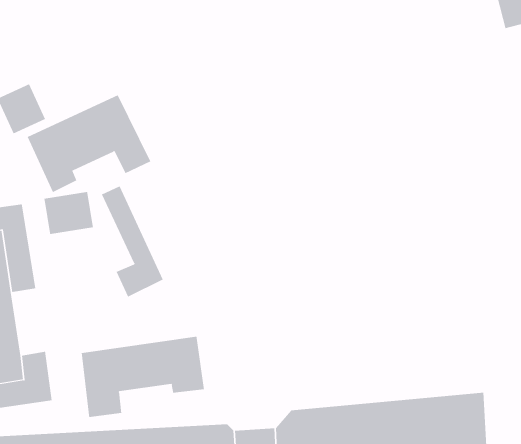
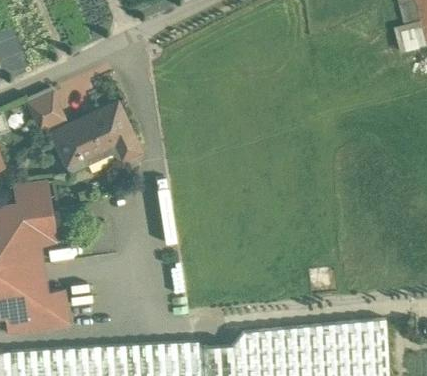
building: [101,186,164,297] -> none
building: [44,191,94,235] -> none
building: [81,336,205,418] -> none

